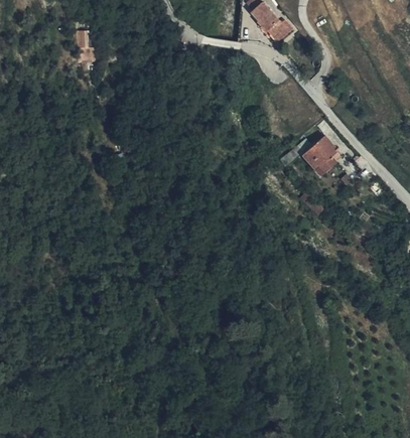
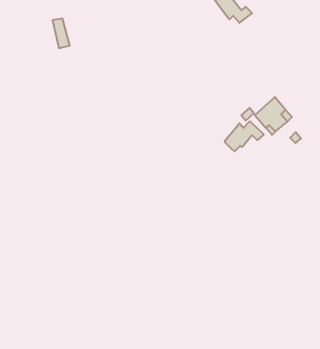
building: none -> [225,121,264,151]

